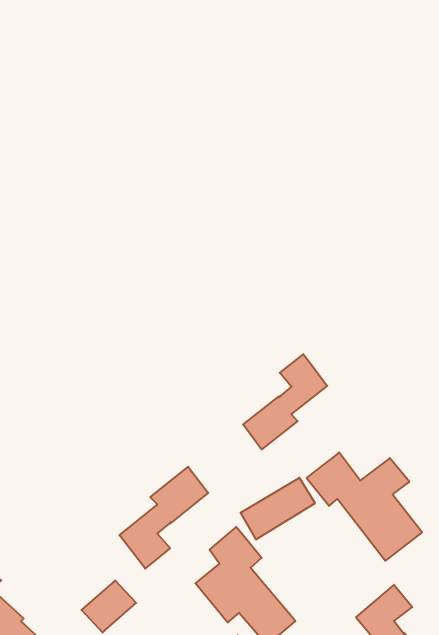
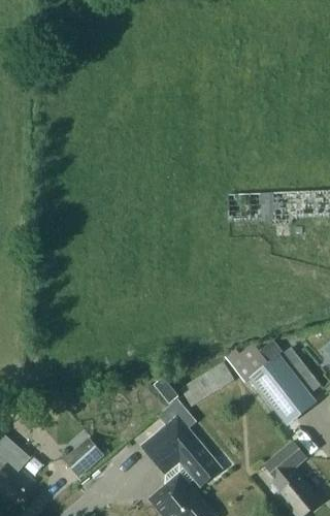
building: [243,354,327,449] -> none
building: [119,467,208,569] -> none

